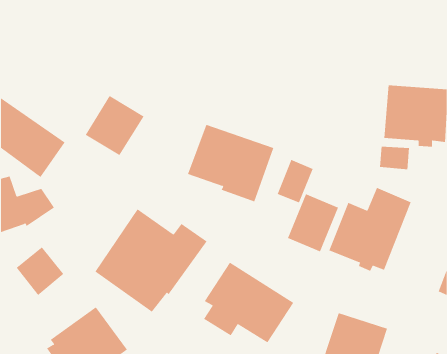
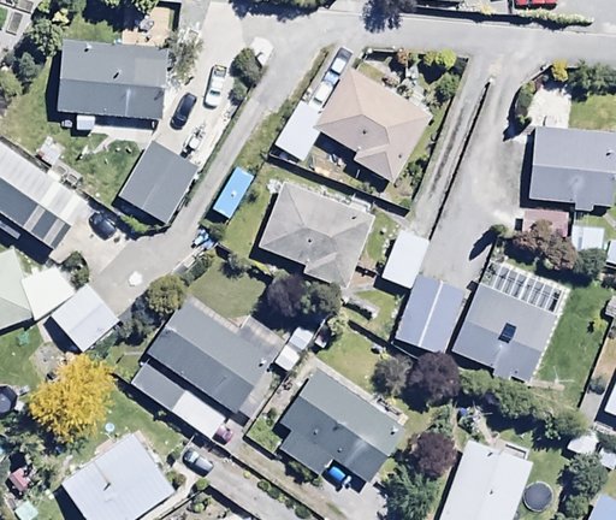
building: none -> [54,39,168,120]
building: none -> [273,69,434,185]
building: [16,247,64,296] -> [51,288,117,355]

